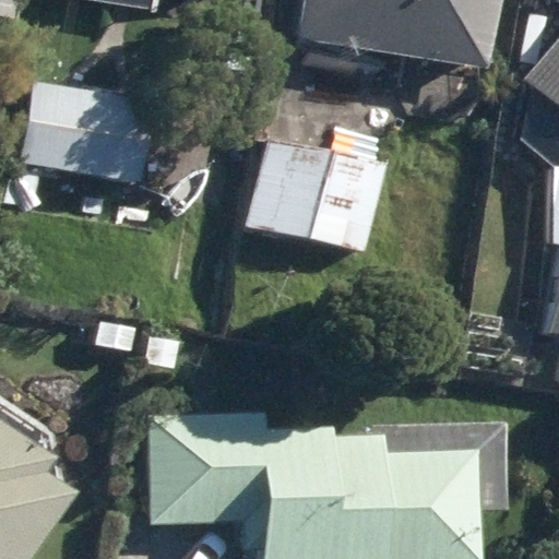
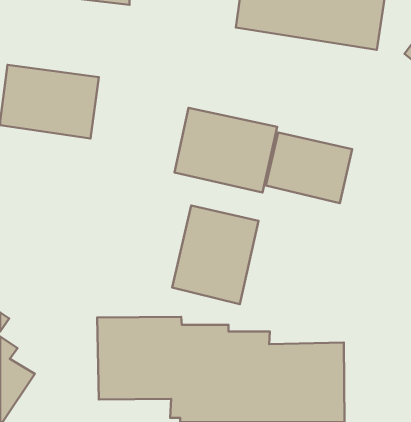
building: none -> [266,132,352,203]
building: none -> [172,205,259,304]

